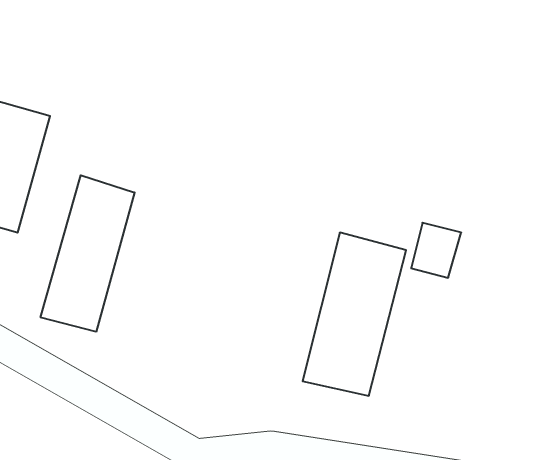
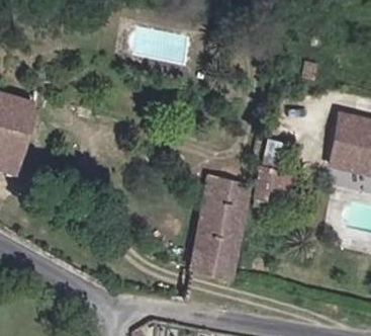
building: [41,175,135,332] -> none

